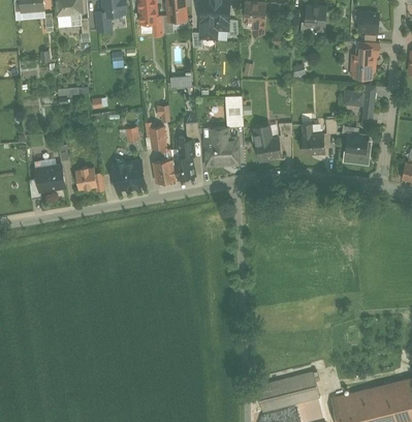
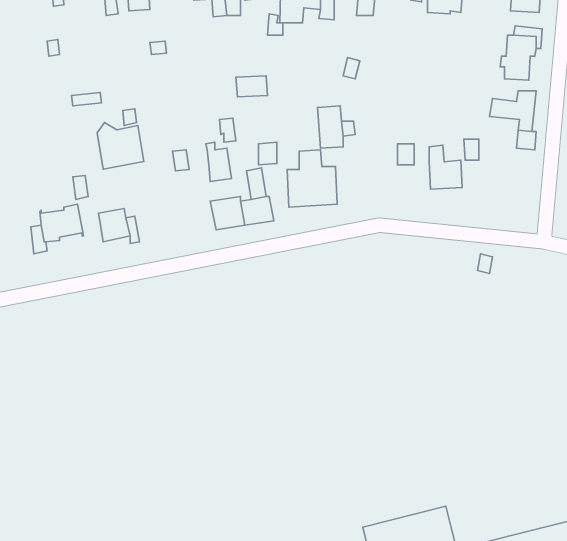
building: [255,127,281,162] -> none
building: [343,133,369,164] -> none
building: [113,158,145,190] -> [97,122,144,169]

